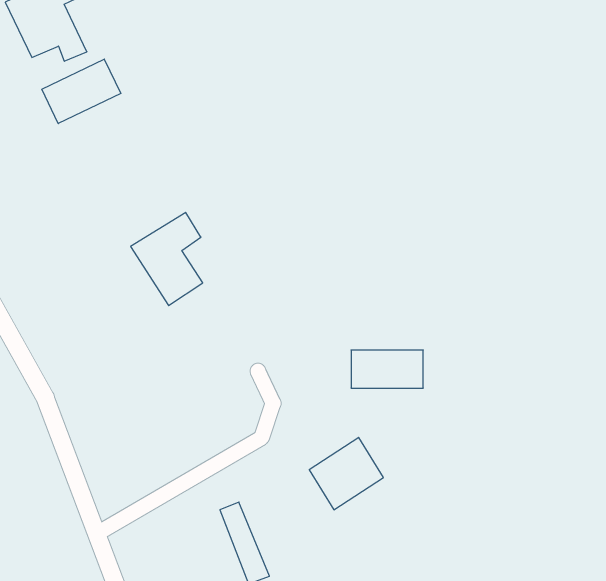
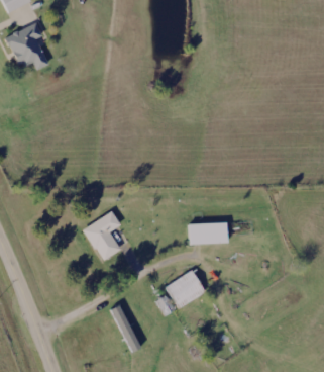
building: [42,59,121,124] -> none
building: [131,212,203,306] -> [83,211,121,261]

